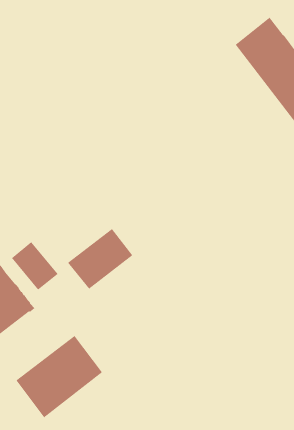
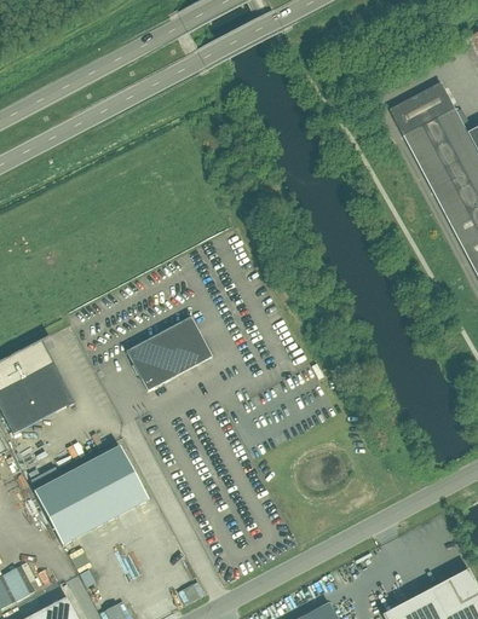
building: [11,240,59,290] -> none

